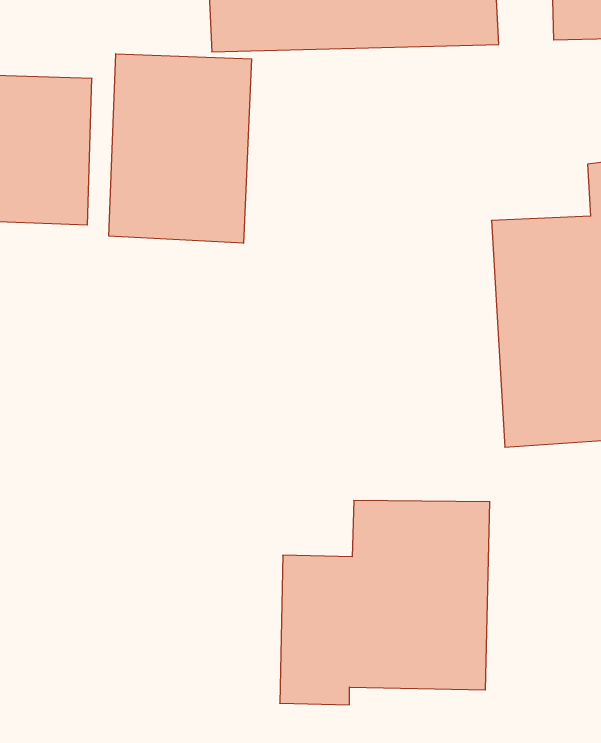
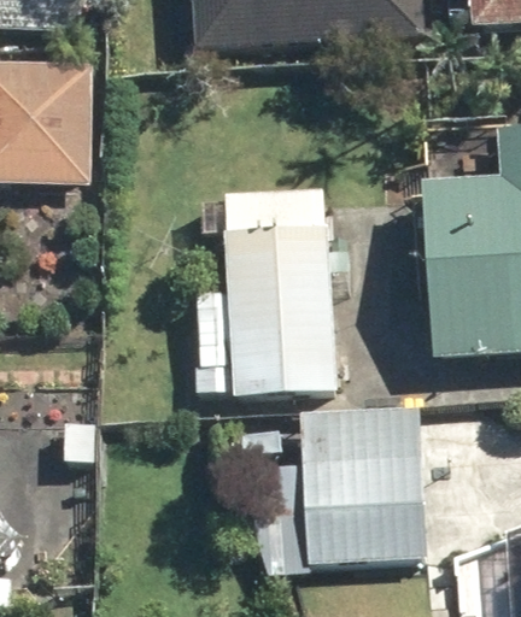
building: [109,54,252,243] -> none
building: none -> [198,188,332,396]

